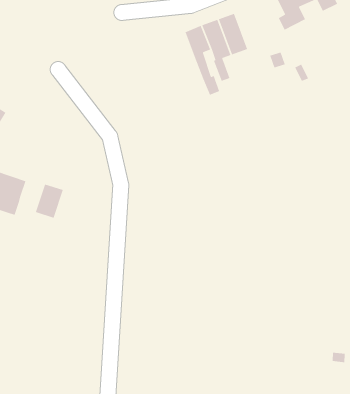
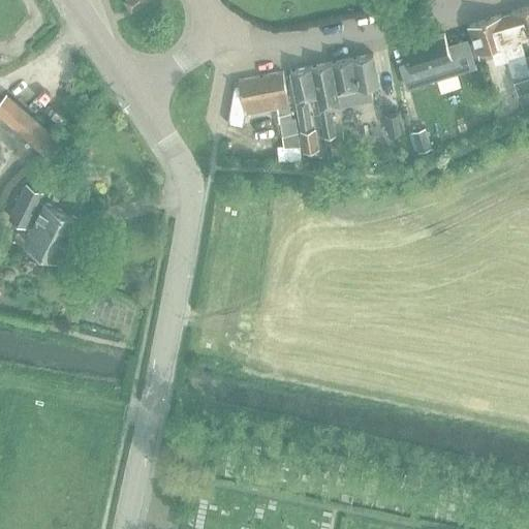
building: none -> [350,56,378,105]
building: none -> [226,74,300,163]
building: [35,183,64,219] -> none

